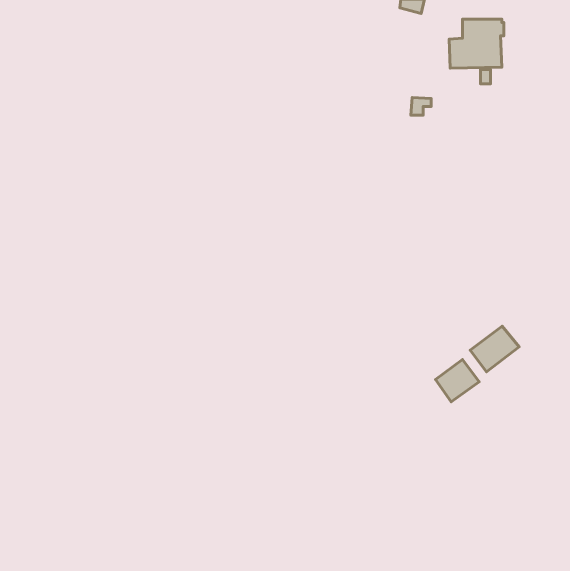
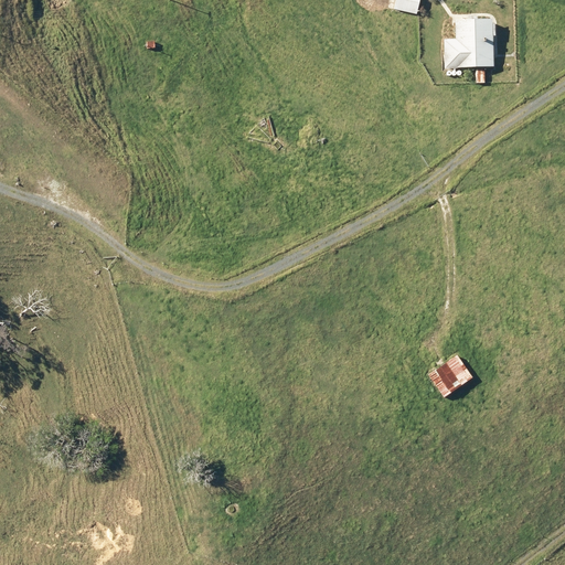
building: [470,326,519,372] -> none

